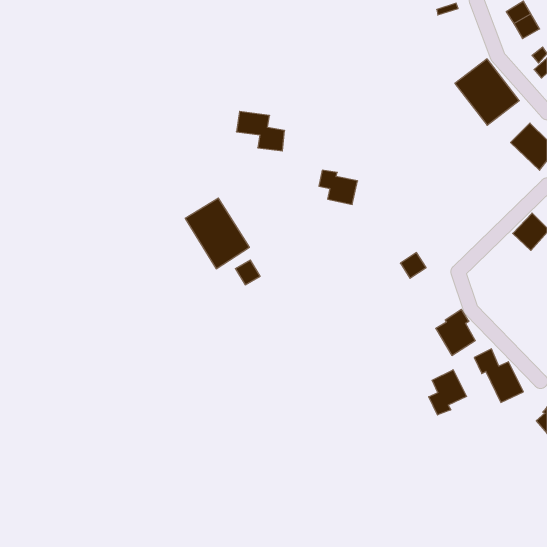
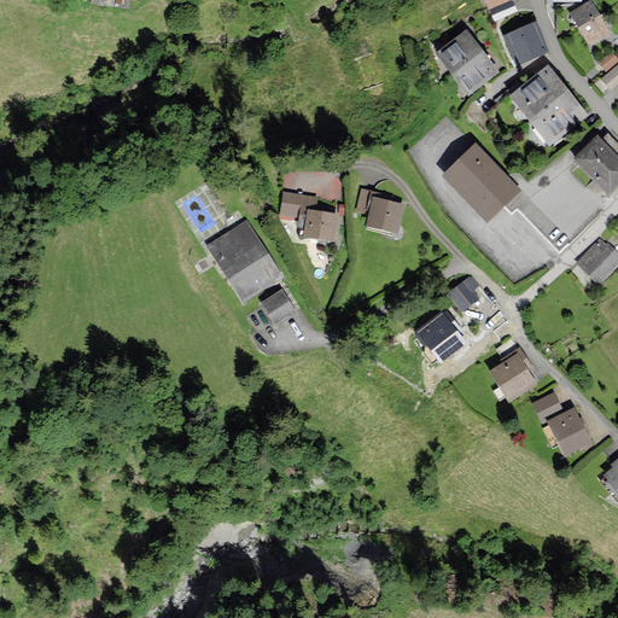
building: none -> [506,25,544,63]
building: none -> [441,33,496,91]
building: [236,111,285,151] -> [282,193,337,238]
building: none -> [444,145,519,221]
building: none -> [415,311,466,365]
building: [429,370,467,415] -> none

